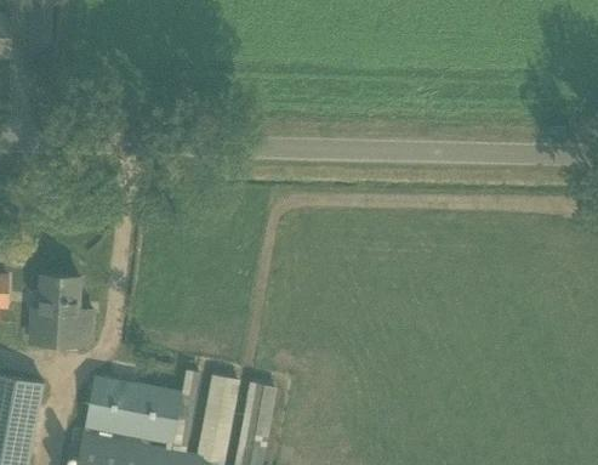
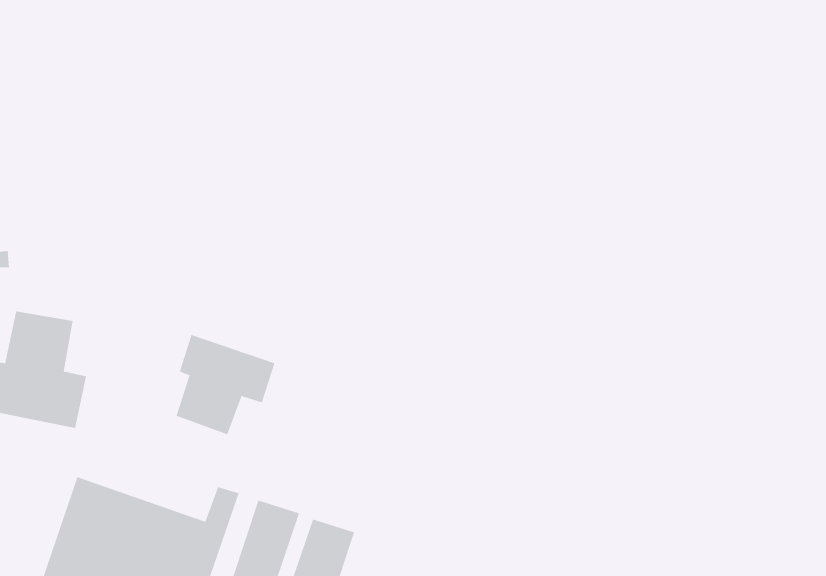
building: none -> [176,334,275,435]

